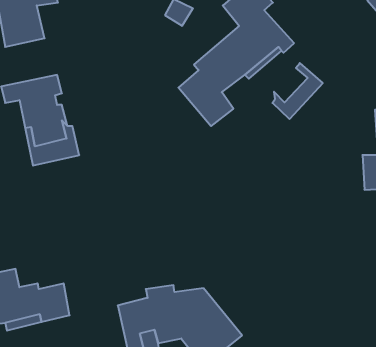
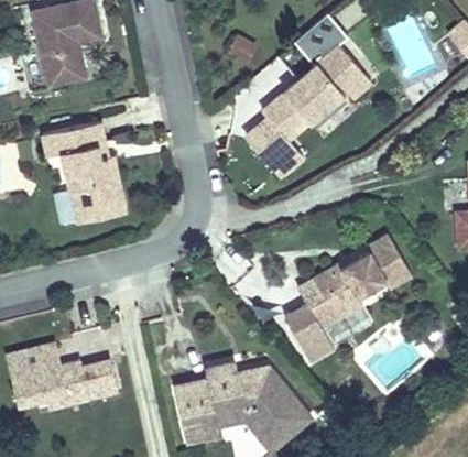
building: [272,63,323,119] -> none
building: none -> [284,231,413,361]

